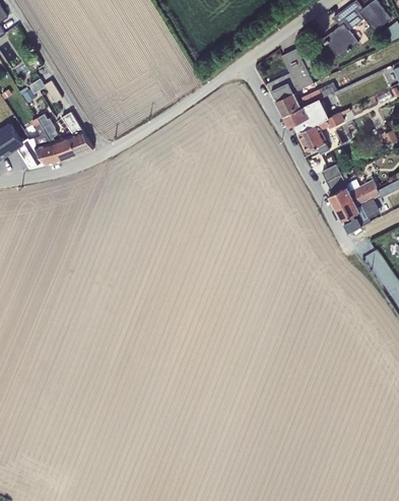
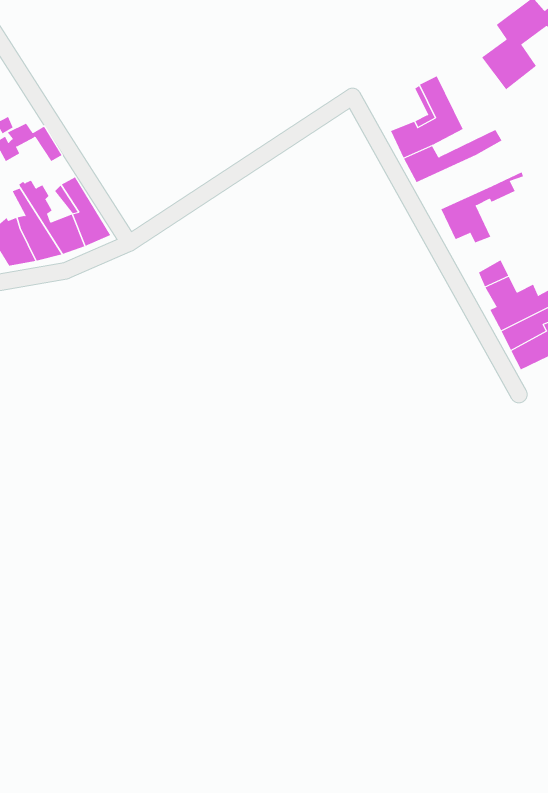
building: [282,99,329,132] -> none

